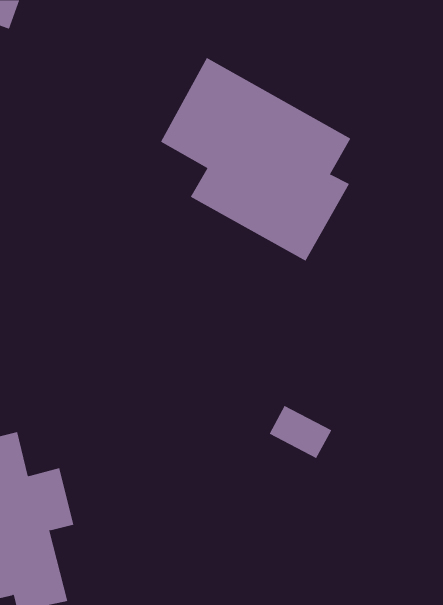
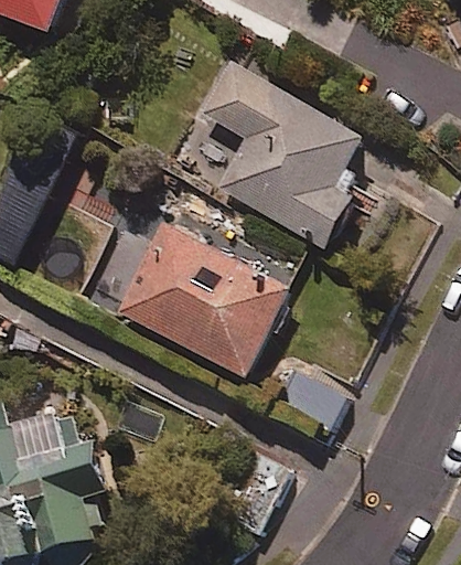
building: none -> [114,220,292,377]

